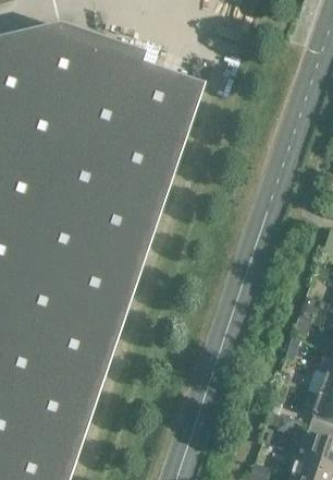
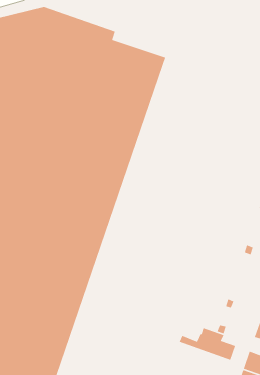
building: none -> [179,327,236,361]

